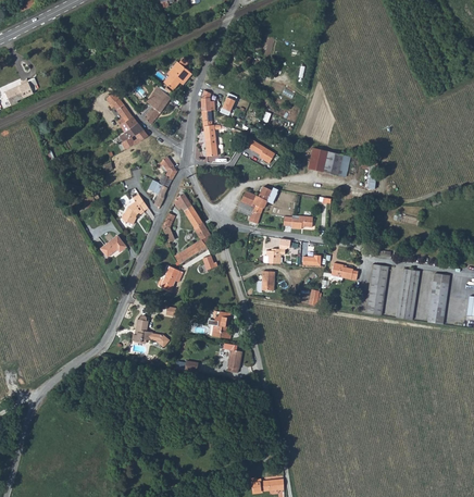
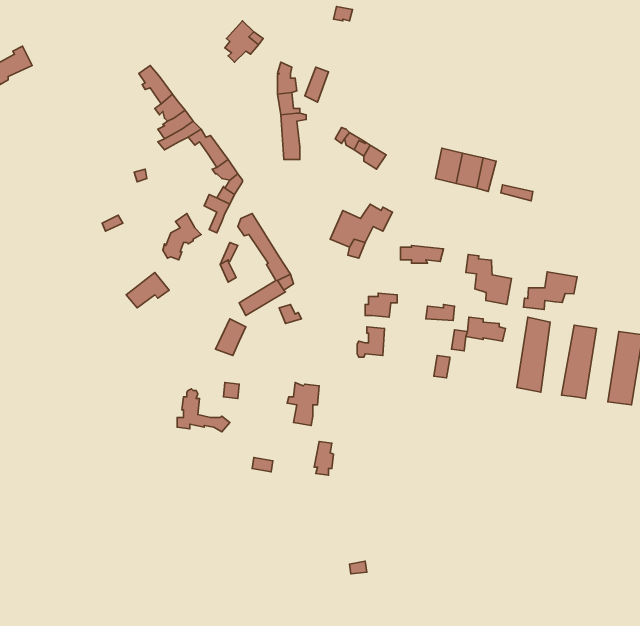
building: [141,87,170,124] -> none
building: none -> [466,254,512,305]
building: none -> [524,272,577,310]

